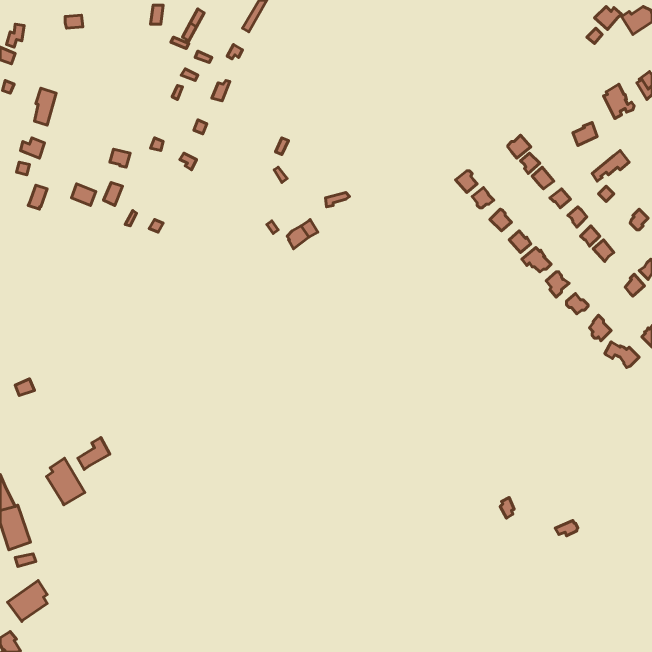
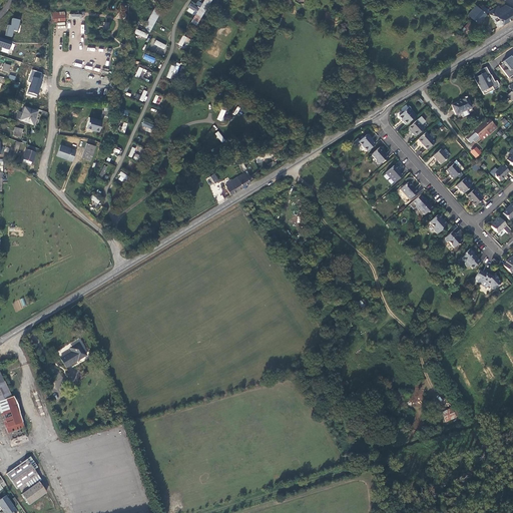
building: [46,458,85,505] -> none
building: none -> [18,474,45,503]

